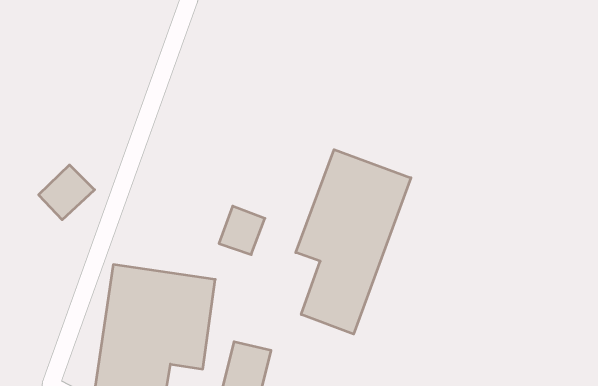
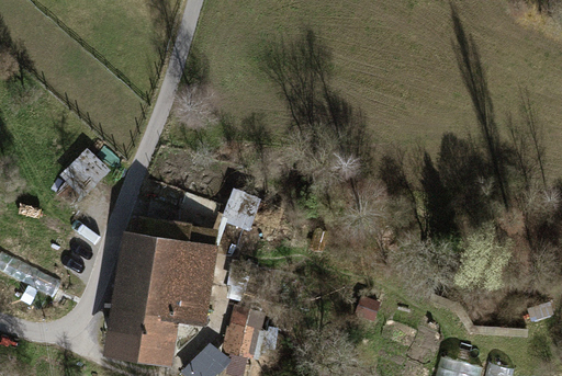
building: [296,150,411,334] -> none

